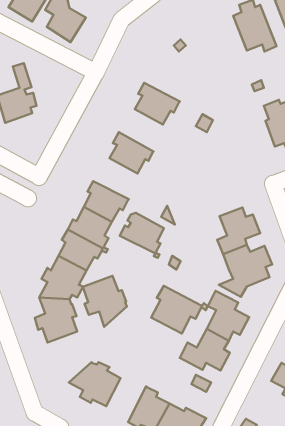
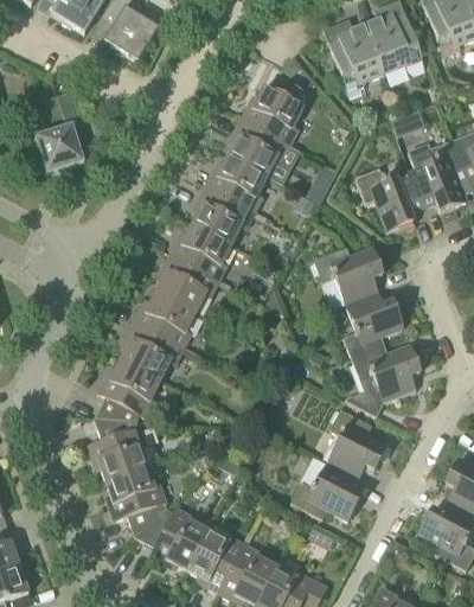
building: none -> [327,18,384,96]
building: none -> [241,78,309,151]
building: none -> [205,154,267,218]
building: none -> [354,167,423,231]
building: none -> [313,247,382,304]
building: [120,213,164,258] -> [169,223,231,286]
building: [83,276,127,327] -> [105,465,167,536]
building: [151,286,208,334] -> none
building: none -> [187,530,249,592]

